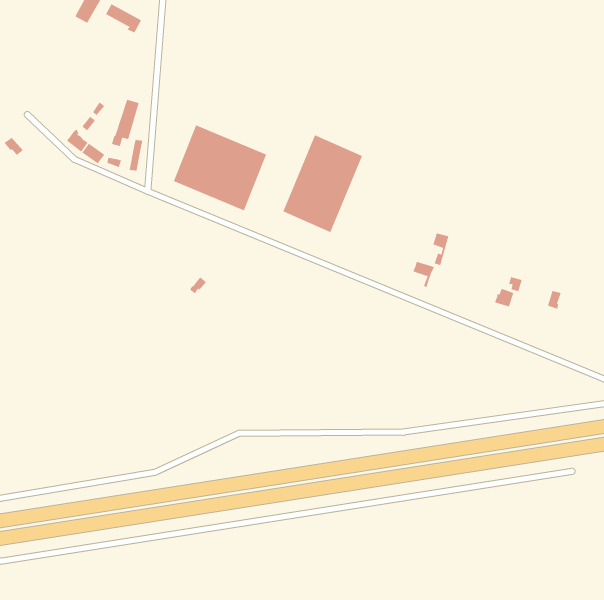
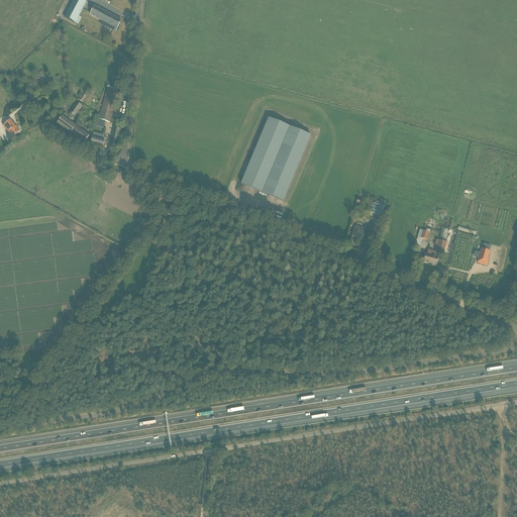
building: [173,125,267,211] -> none

